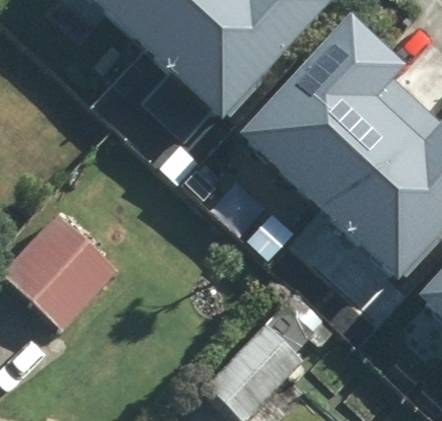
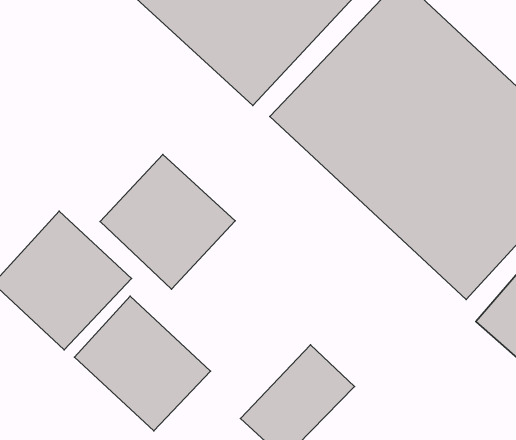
building: none -> [100,154,235,289]
building: none -> [75,296,211,431]

